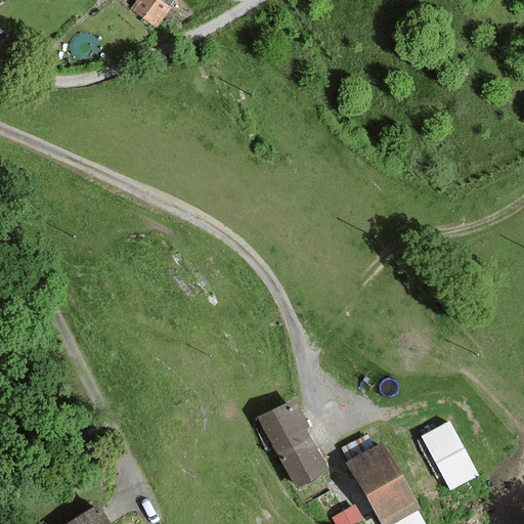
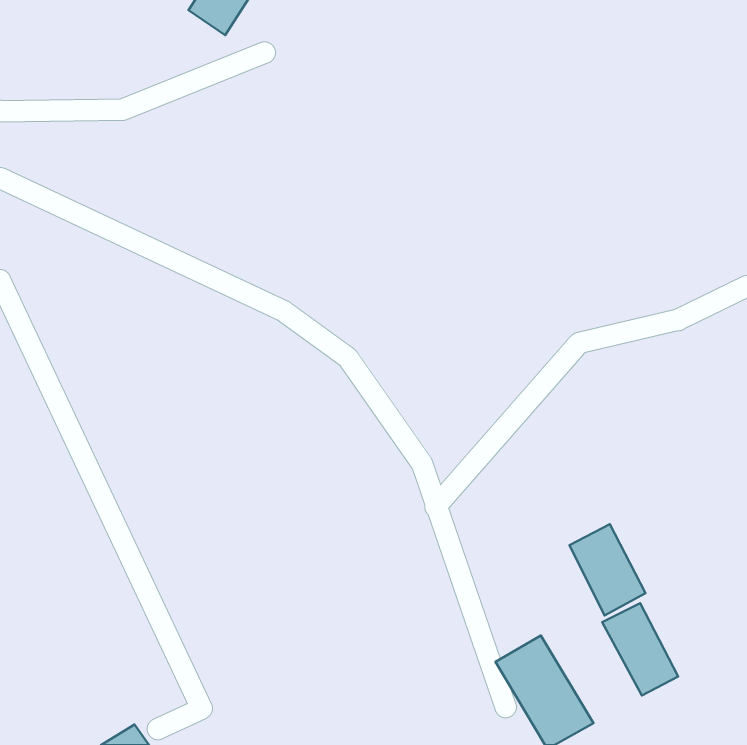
building: none -> [570,524,646,615]
building: [259,400,325,486] -> none

